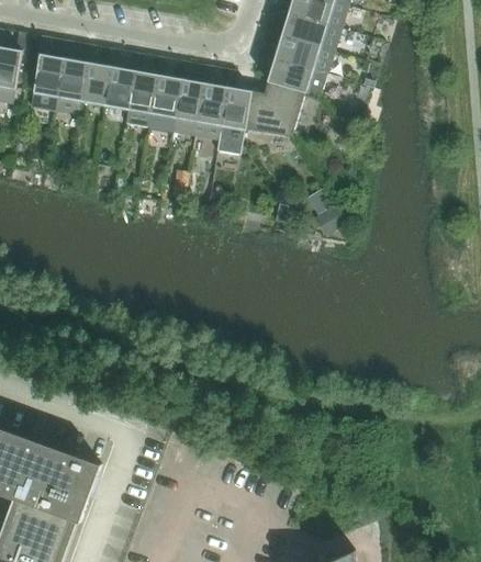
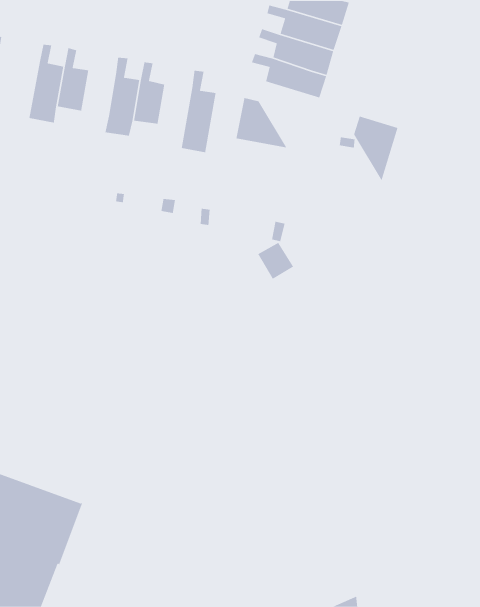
building: [30,36,60,110] -> none
building: [100,48,131,108] -> none
building: [167,60,201,137] -> none
building: [213,69,249,151] -> none
building: [264,76,305,137] -> [353,116,398,182]
building: [312,202,346,237] -> [257,242,294,280]

